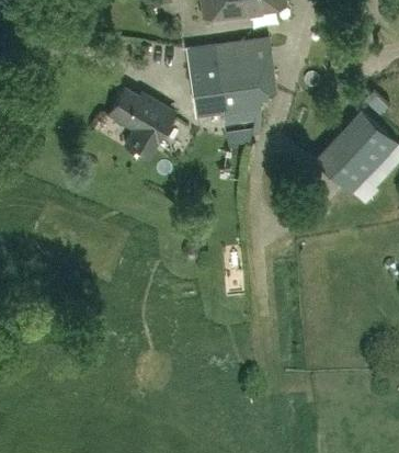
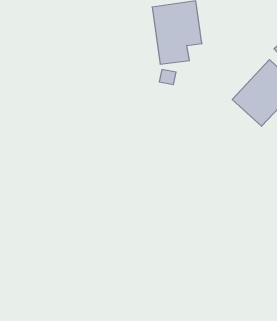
building: [194,46,226,121] -> none
building: [107,89,174,159] -> none

